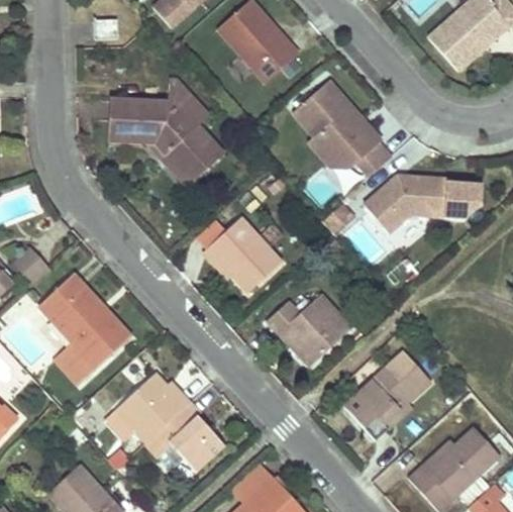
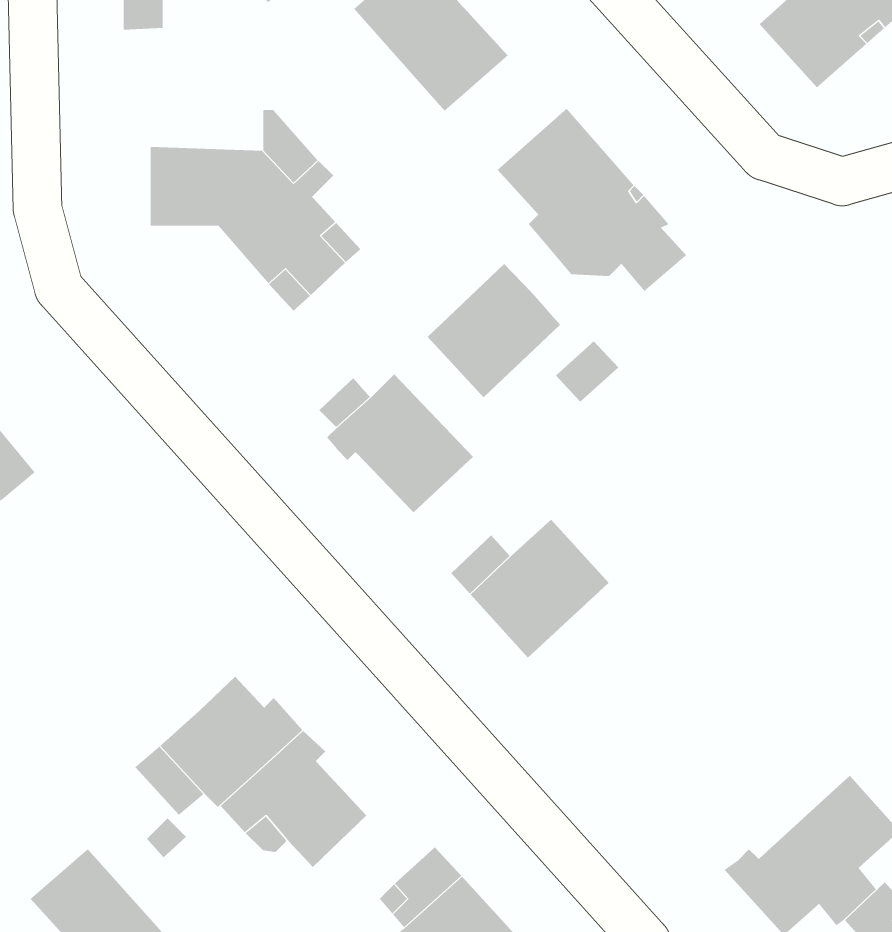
building: none -> [427,263,561,398]
building: [365,174,484,231] -> none
building: [39,275,132,382] -> none
building: [346,351,431,440] -> none

